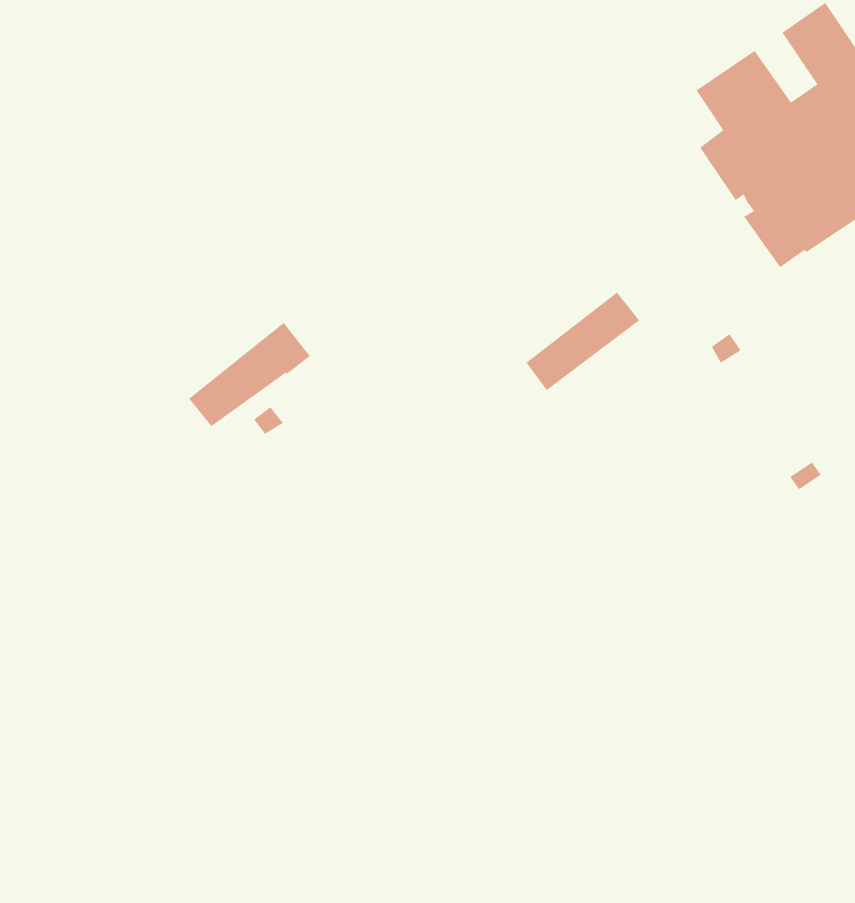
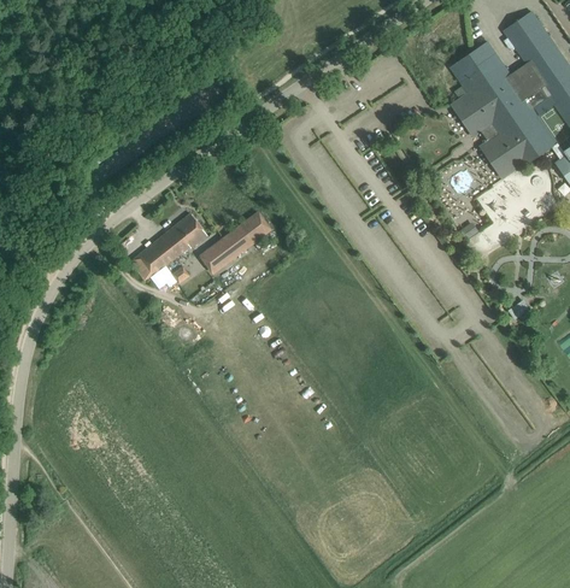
building: [525,292,640,391] -> [200,212,272,275]

